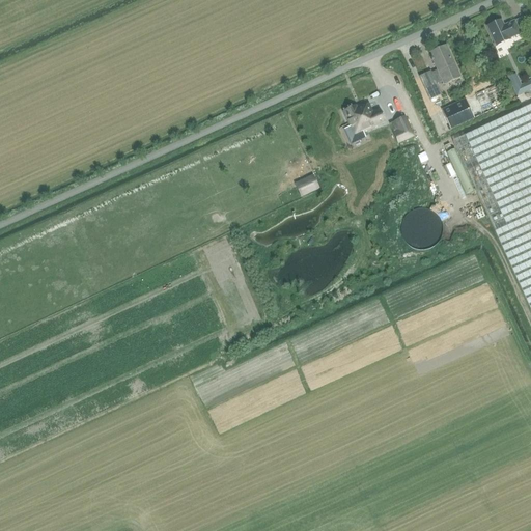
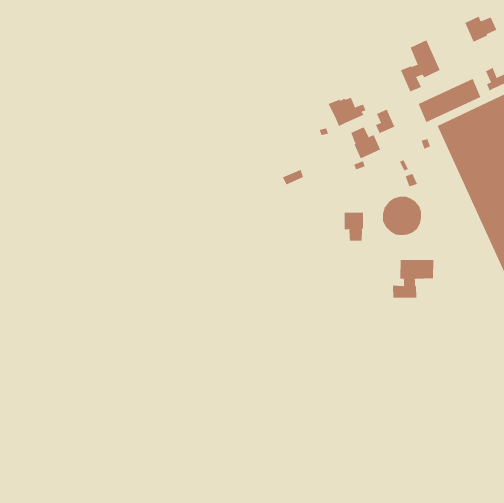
building: none -> [350,127,381,159]
building: none -> [344,212,364,241]
building: none -> [393,259,434,299]

